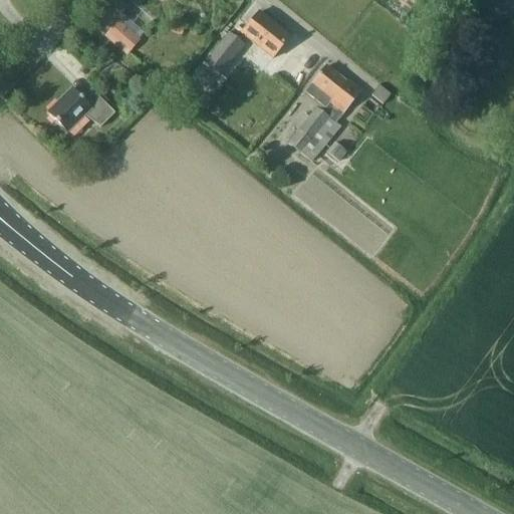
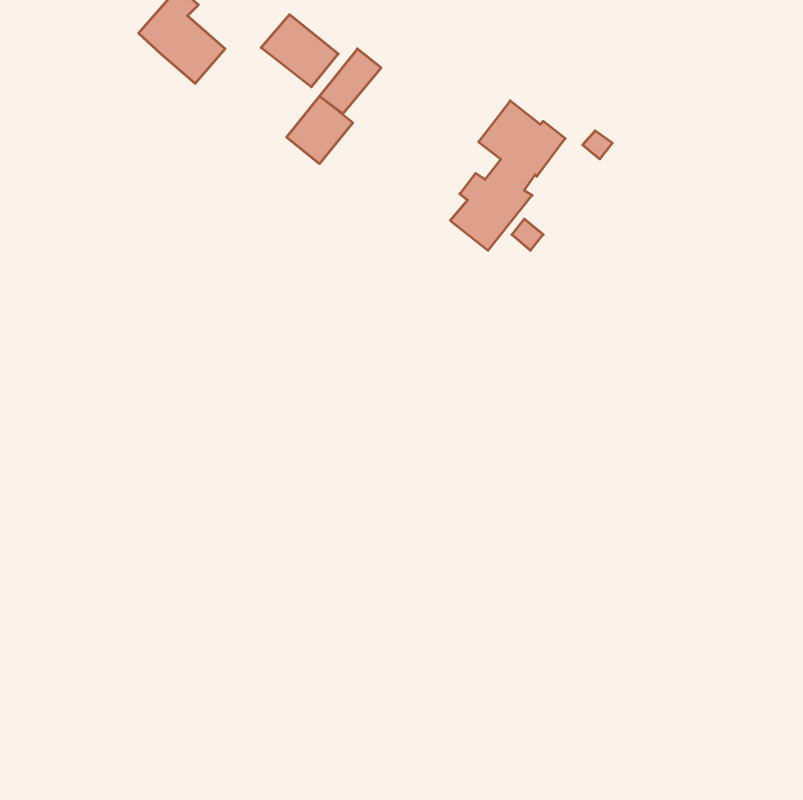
building: [241,10,290,56] -> [261,15,338,87]
building: [47,86,114,132] -> none

